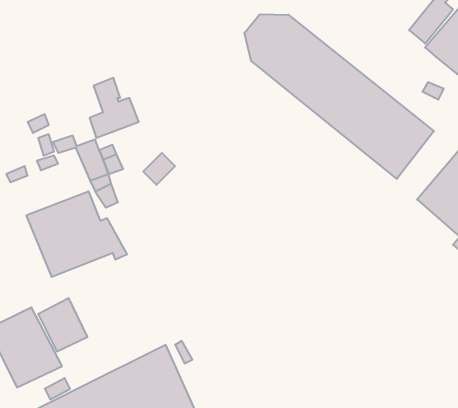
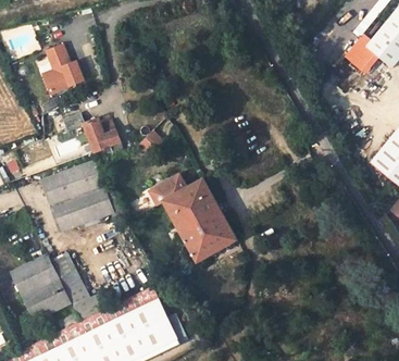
building: [245,14,434,179] -> none
building: none -> [345,38,375,69]
building: [90,78,139,138] -> [43,48,84,97]
building: none -> [147,175,235,264]

